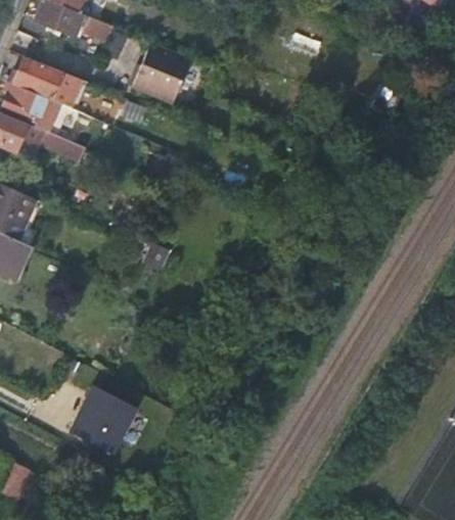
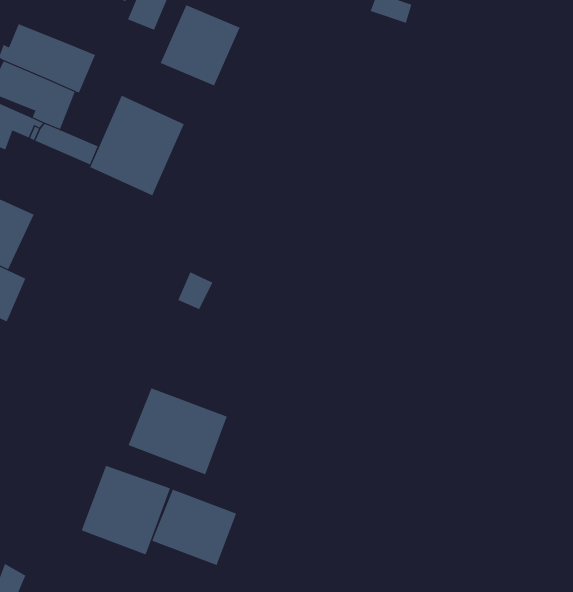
building: none -> [90,95,184,196]
building: none -> [128,387,228,475]
building: none -> [151,489,237,566]

